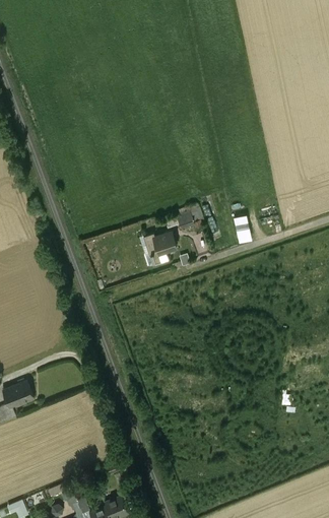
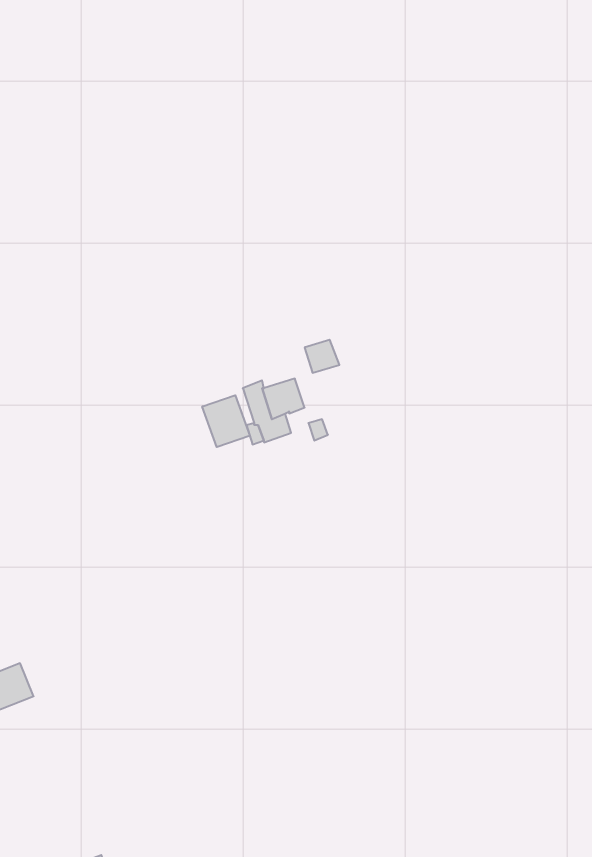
building: none -> [202,395,250,447]

